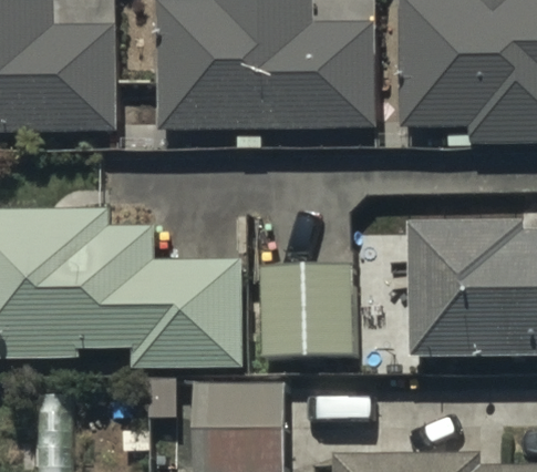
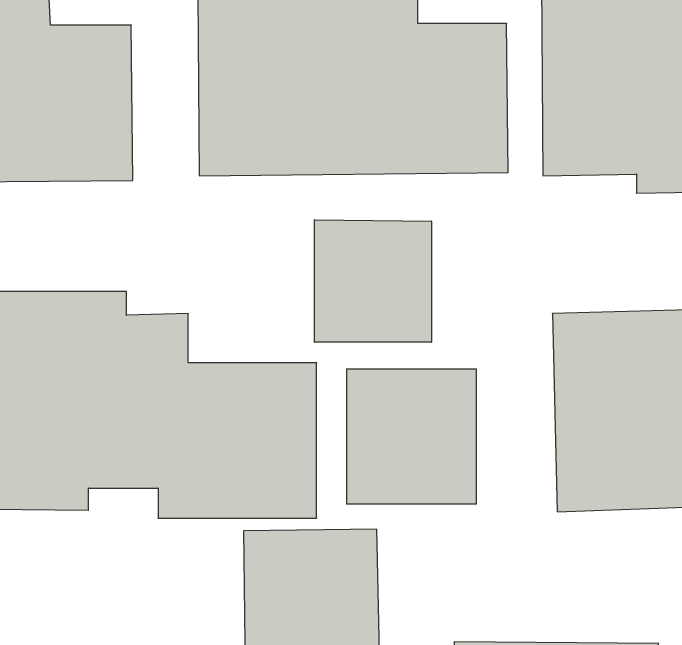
building: none -> [315,220,431,342]

